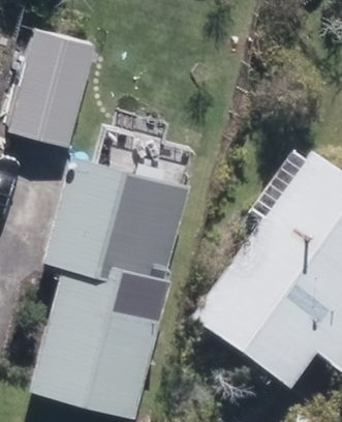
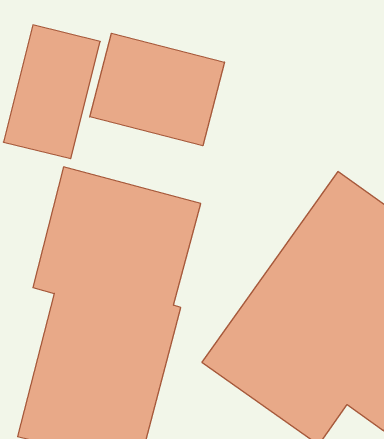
building: none -> [90,33,224,146]

